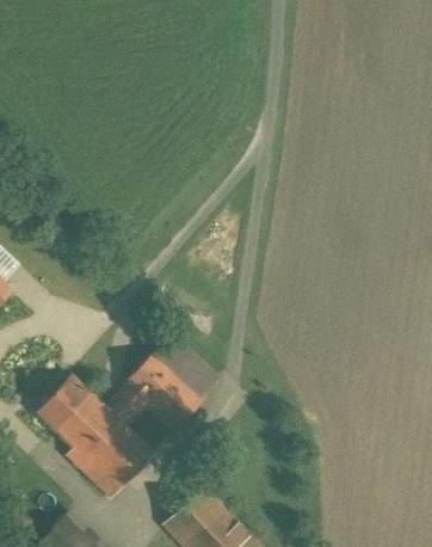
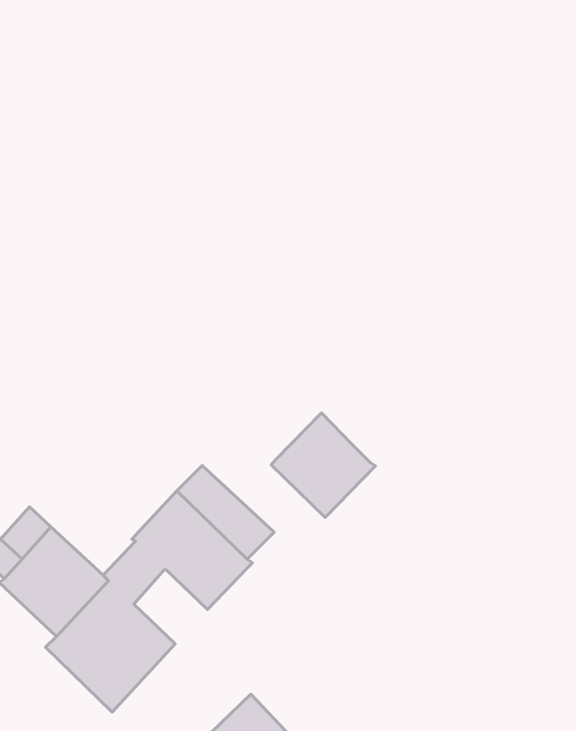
building: none -> [271,413,376,518]

